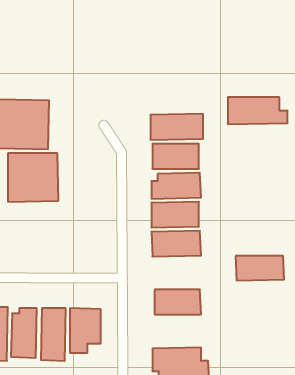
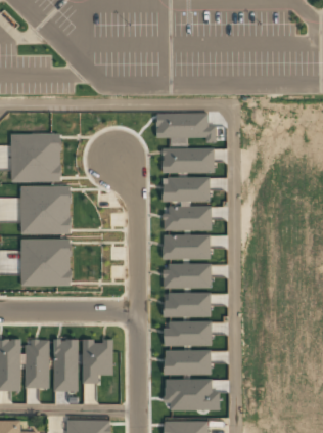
building: [228,97,288,124] -> [156,113,216,139]
building: none -> [20,240,71,287]
building: [236,256,284,281] -> [163,293,211,317]
building: none -> [164,350,211,375]

